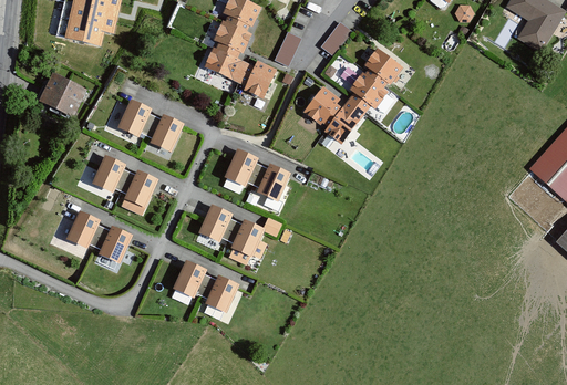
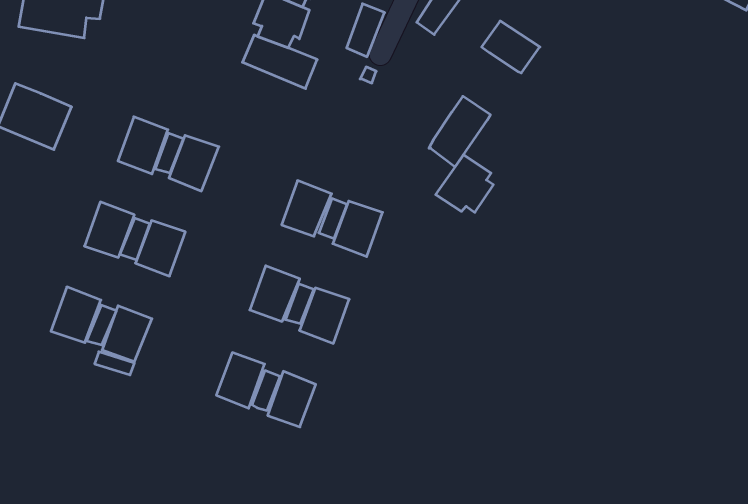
building: [243,61,276,100] -> none
building: [349,70,388,111] -> none
building: [302,86,341,125] -> [436,155,493,212]

